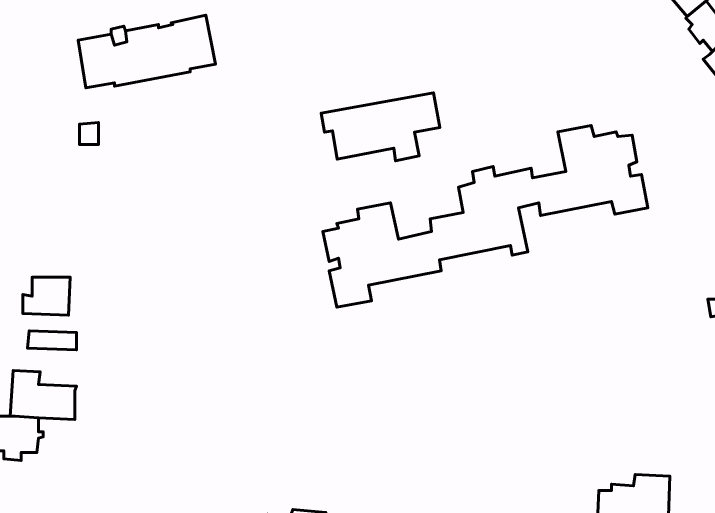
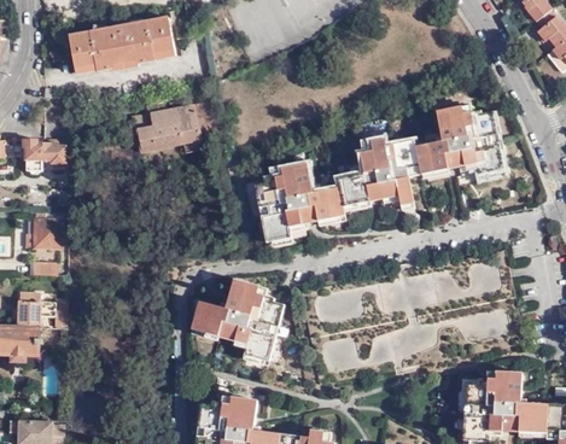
building: [321,93,440,161] -> [128,100,218,152]
building: none -> [21,139,70,170]
building: none -> [193,281,284,362]

